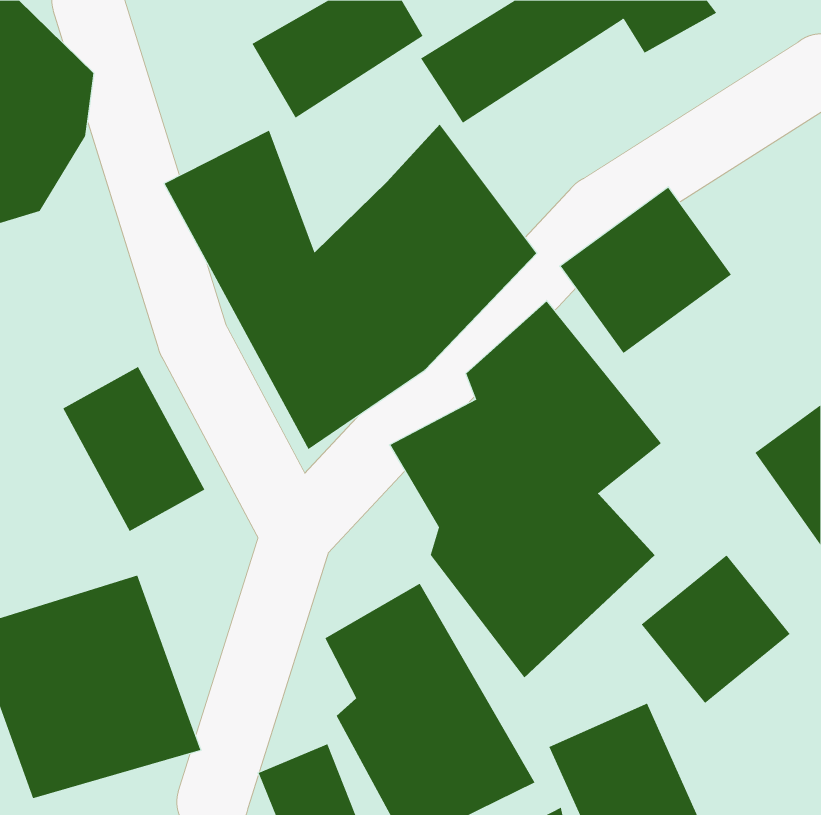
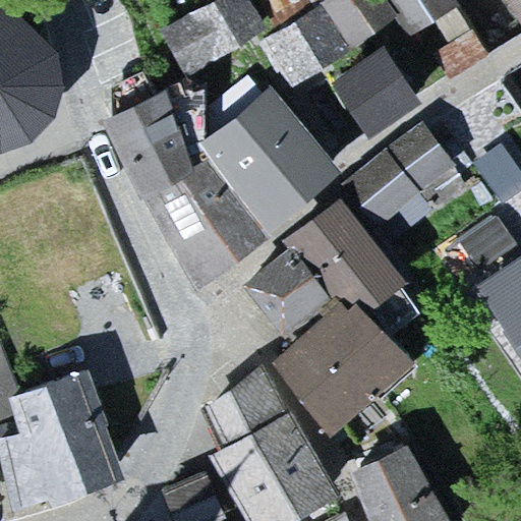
building: none -> [333,49,414,129]
building: [62,366,205,532] -> none
building: [641,555,791,704] -> none

